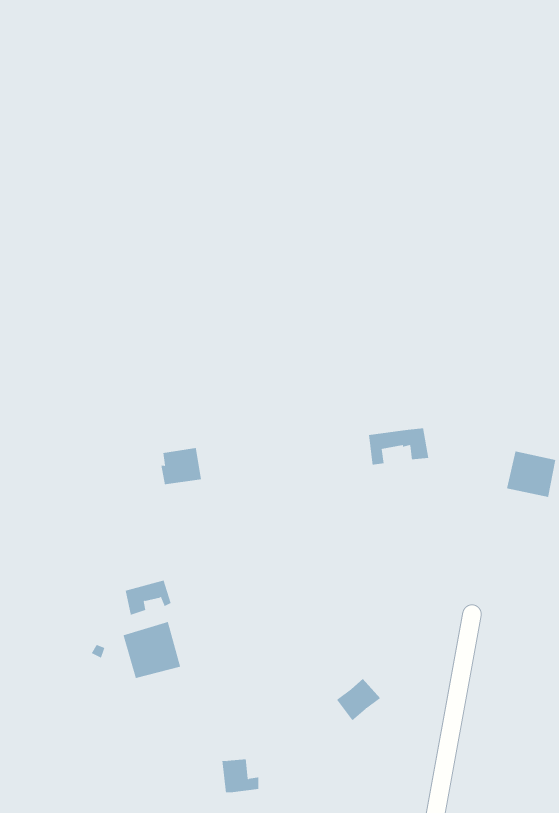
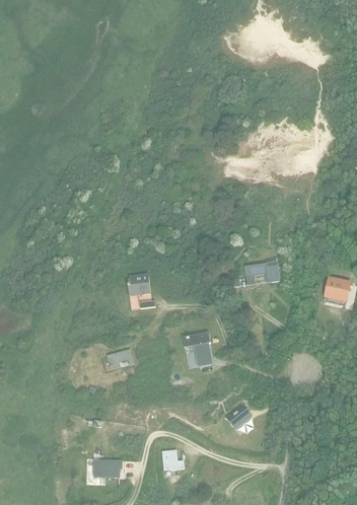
building: none -> [182,332,210,365]
building: [123,621,181,679] -> none
building: none -> [93,460,121,477]

